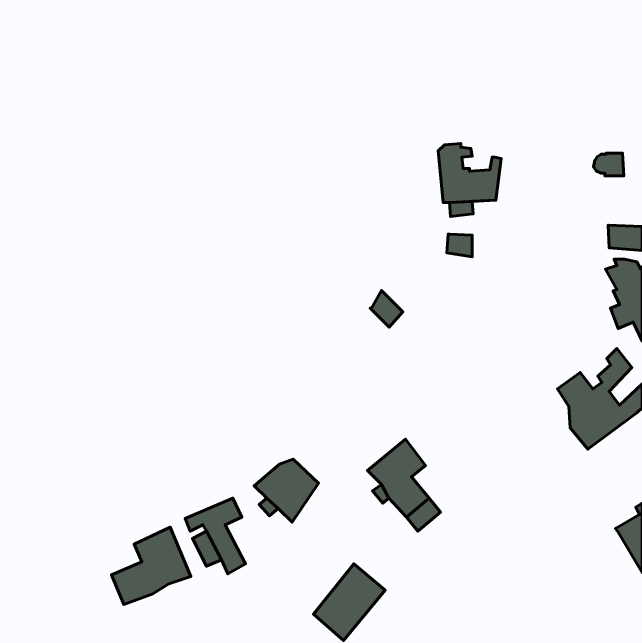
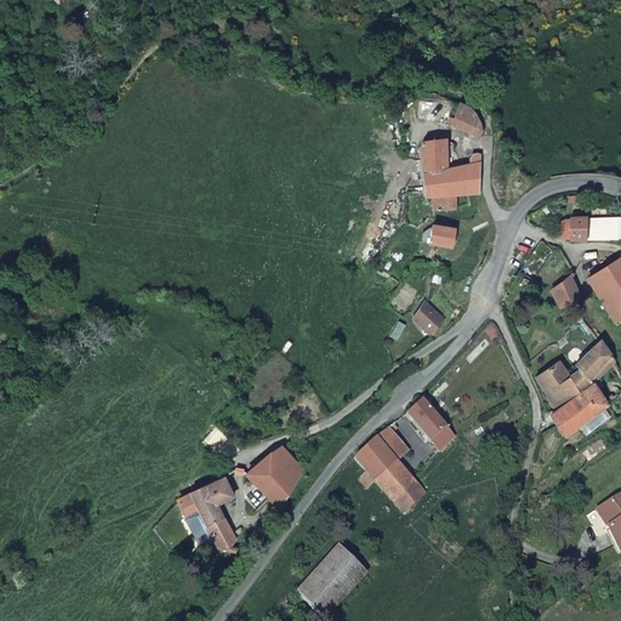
building: none -> [448,104,485,135]
building: [593,153,624,176] -> [558,217,587,239]
building: none -> [549,275,579,310]
building: [370,291,403,327] -> [416,297,448,332]
building: none -> [405,395,456,446]
building: [111,527,191,605] -> none

